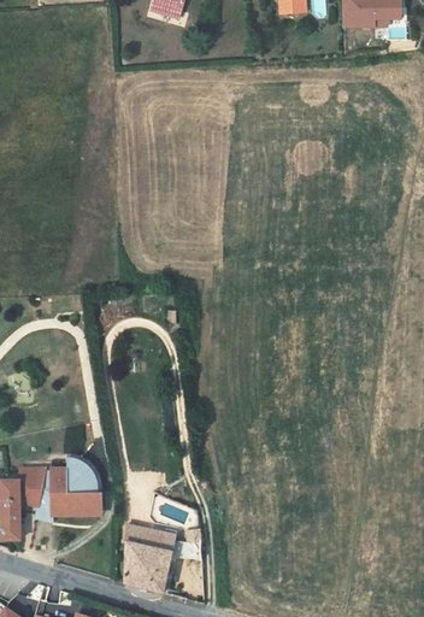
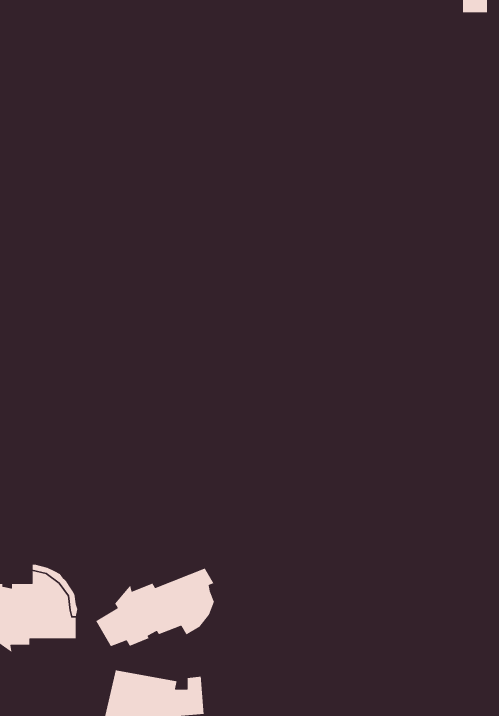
building: none -> [95,567,215,647]

